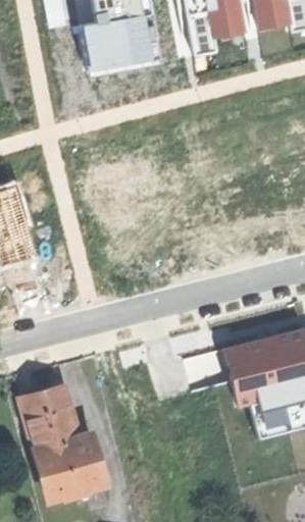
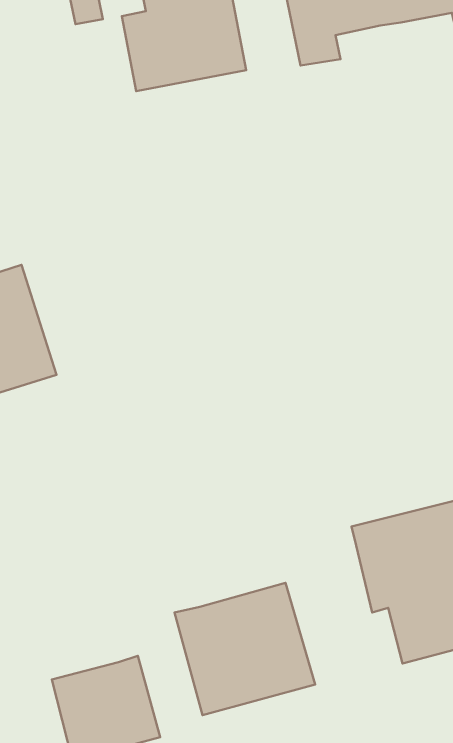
building: [20,385,78,448] -> none
building: none -> [174,583,315,715]

